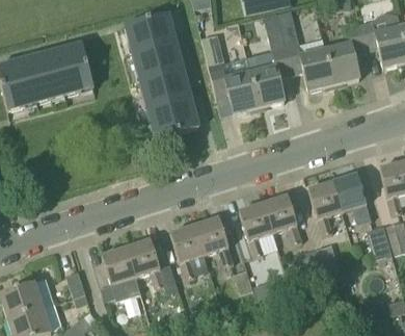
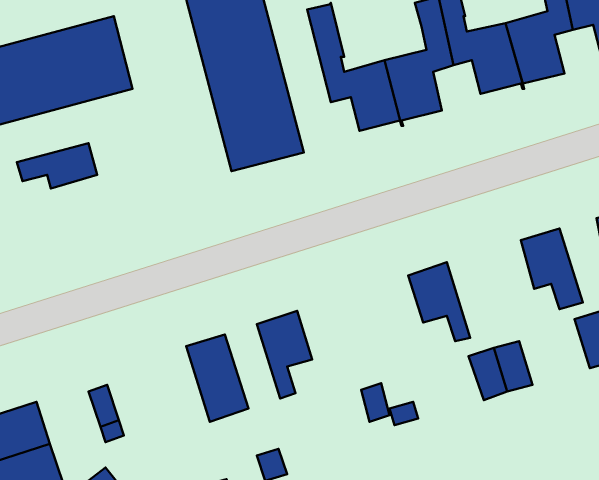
building: none -> [17,143,97,189]
building: [308,181,342,235] -> none
building: [239,203,273,257] -> none
building: [195,217,234,266] -> none
building: [102,247,141,301] -> none

